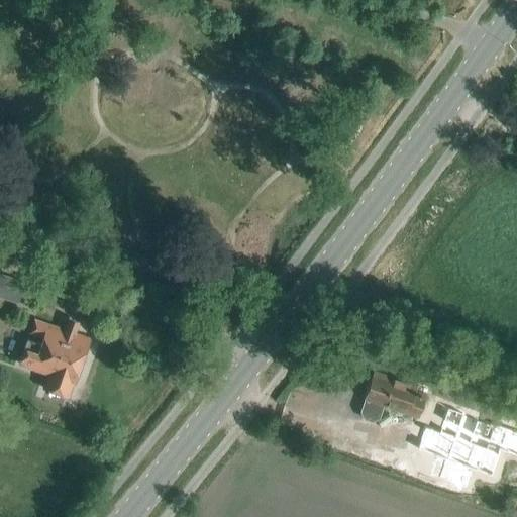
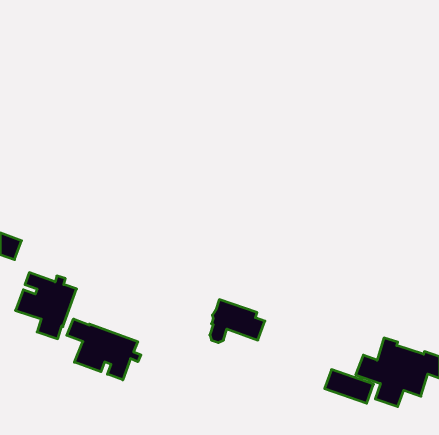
building: [363,377,427,427] -> [210,300,265,343]
building: none -> [67,319,141,380]

